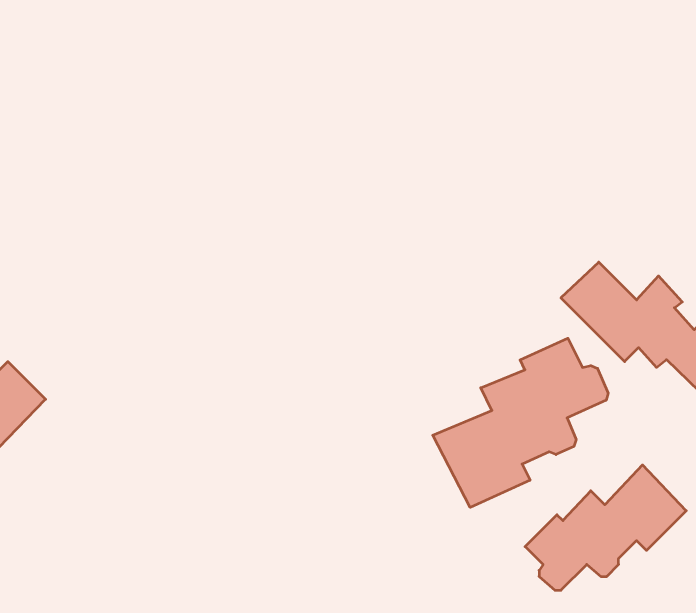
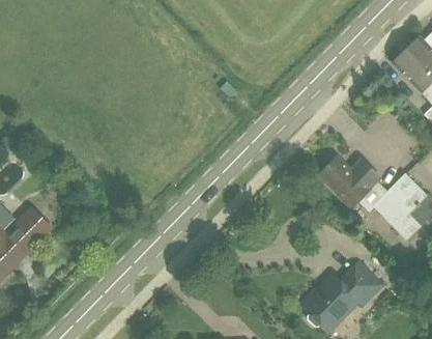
building: [433,338,608,507] -> none

